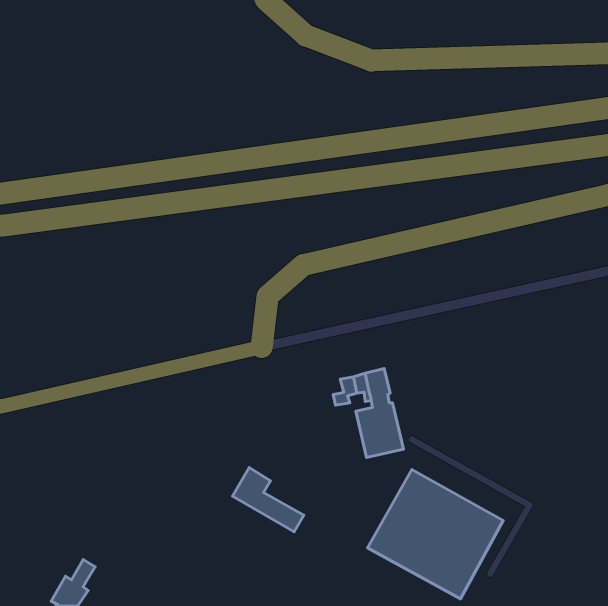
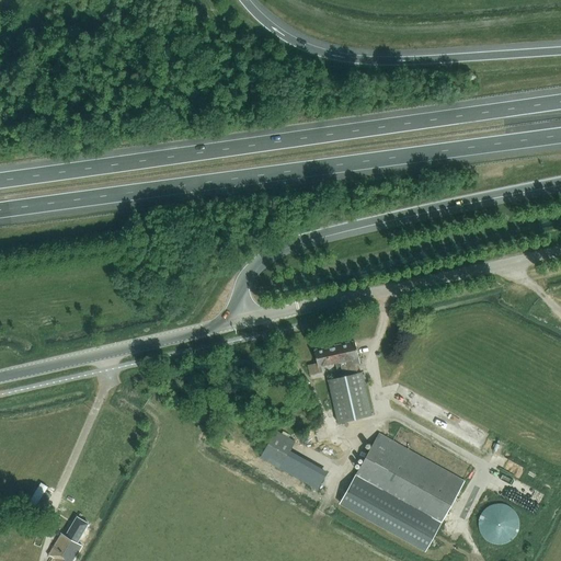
building: [232,468,304,532] -> [260,430,325,489]
building: none -> [479,502,519,543]

